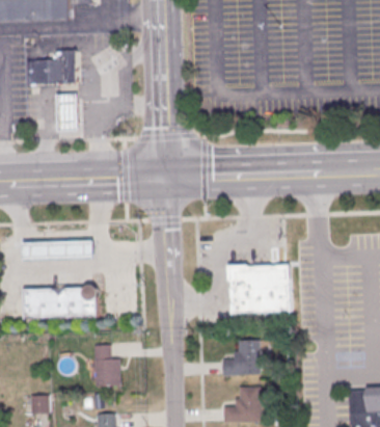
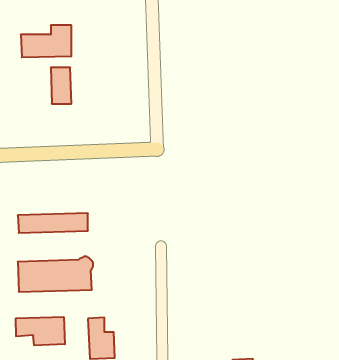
building: [232,264,290,311] -> none
building: [222,339,260,375] -> none
building: none -> [16,317,65,345]

